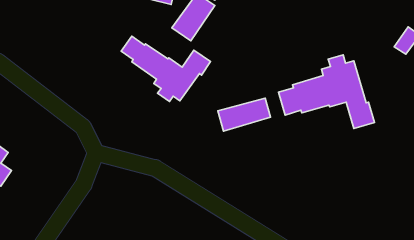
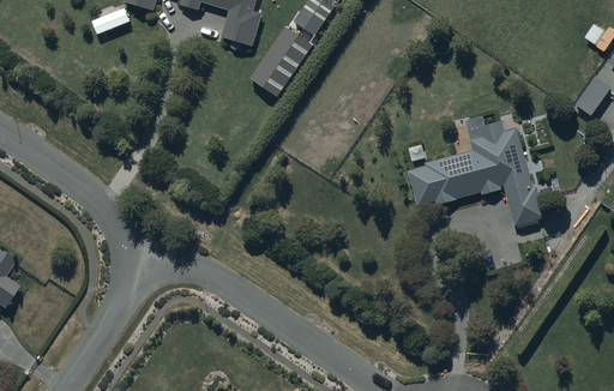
building: [121,36,211,101] -> none
building: [218,98,270,131] -> none

